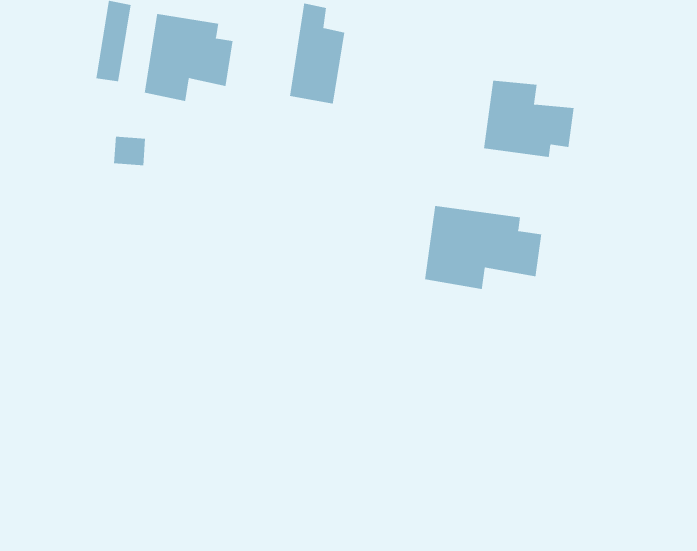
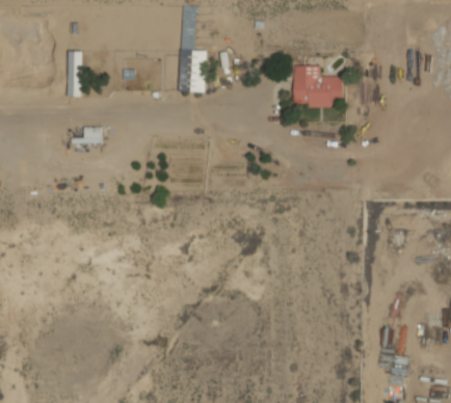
building: [144,13,233,102] -> none
building: [425,205,542,290] -> none

